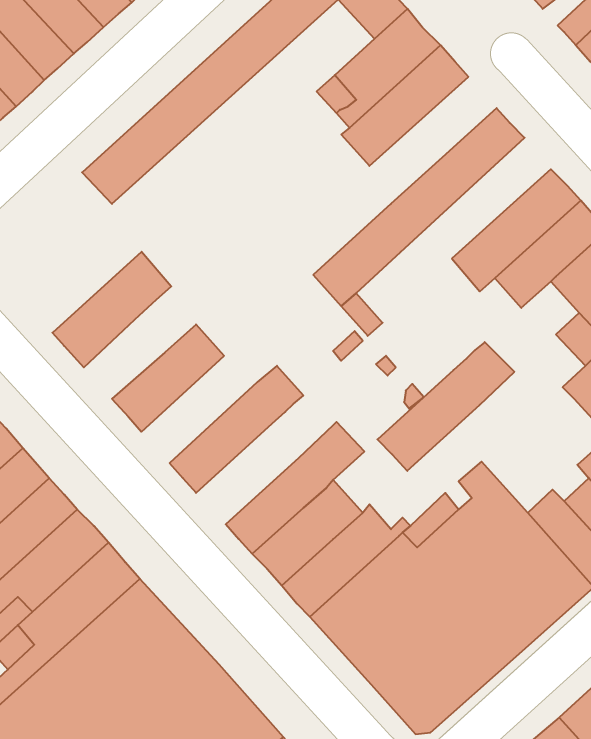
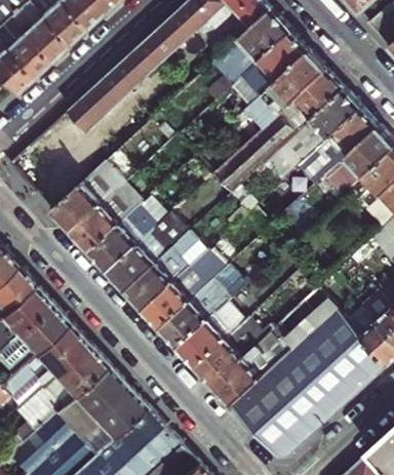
building: none -> [244,53,327,132]
building: none -> [268,91,361,181]
building: none -> [71,184,144,253]
building: [377,342,514,471] -> [141,251,226,331]
building: none -> [107,224,179,293]

